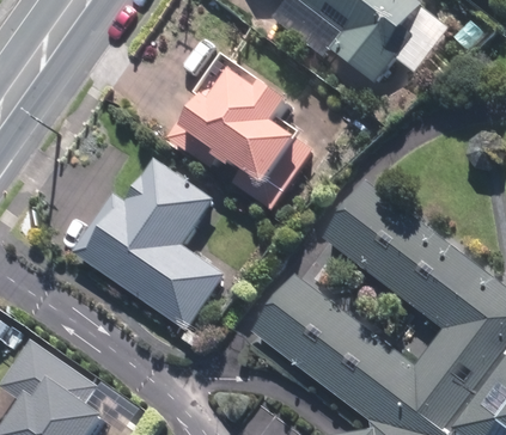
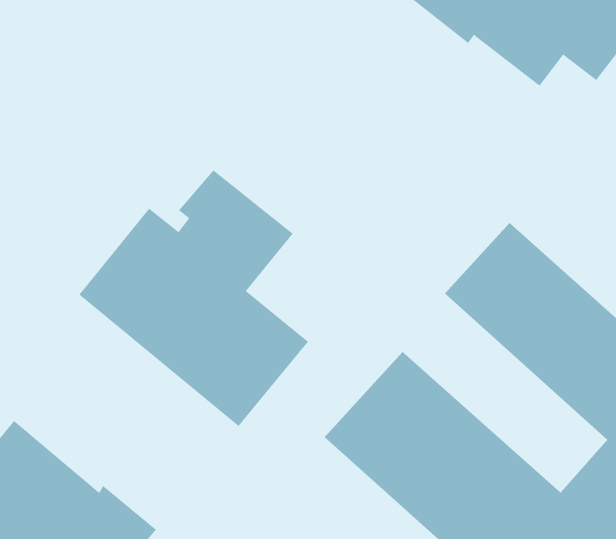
building: [165,56,318,215] -> none

